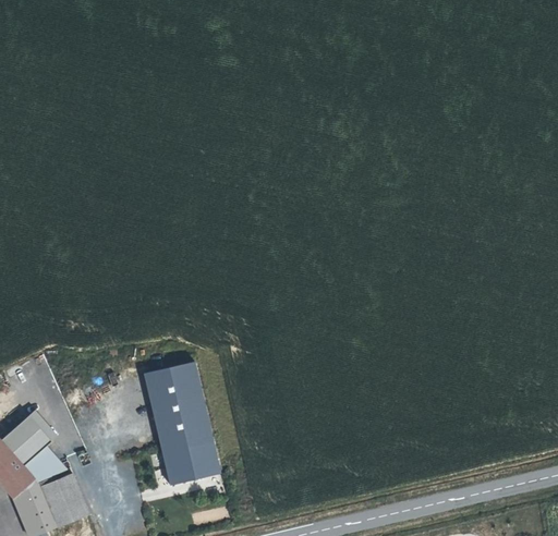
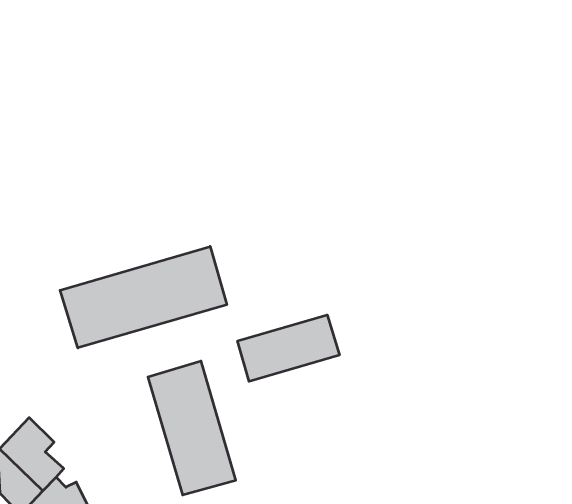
building: none -> [60,246,227,348]
building: none -> [238,315,339,381]

